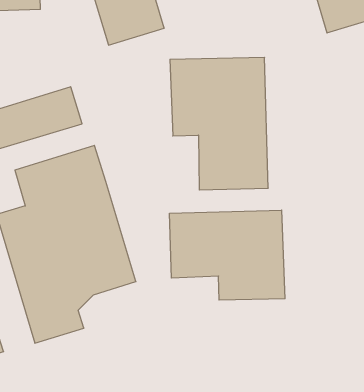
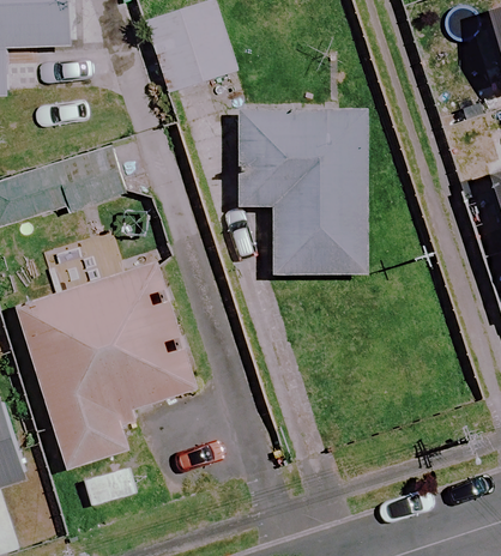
building: [170,210,285,300] -> none

